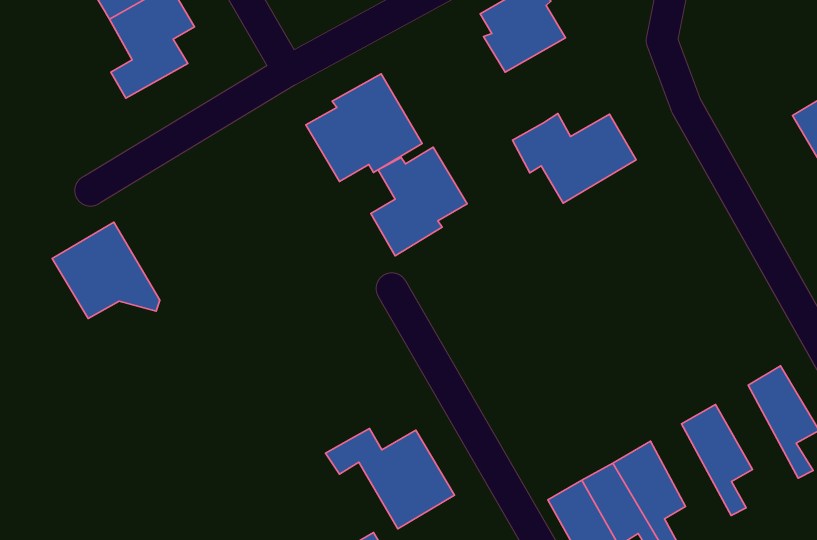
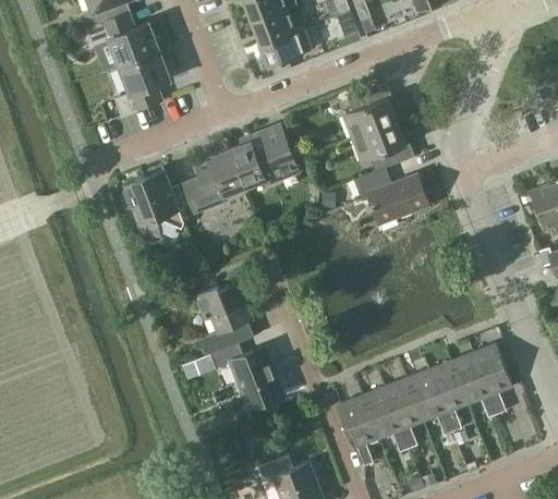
building: none -> [355,121,413,171]
building: [371,147,467,256] -> [183,149,243,212]
building: [52,222,160,318] -> [121,169,183,228]
building: none -> [195,281,252,355]
building: none -> [452,352,496,417]
building: none -> [409,369,451,434]

